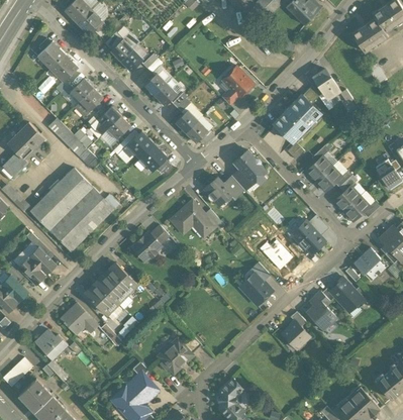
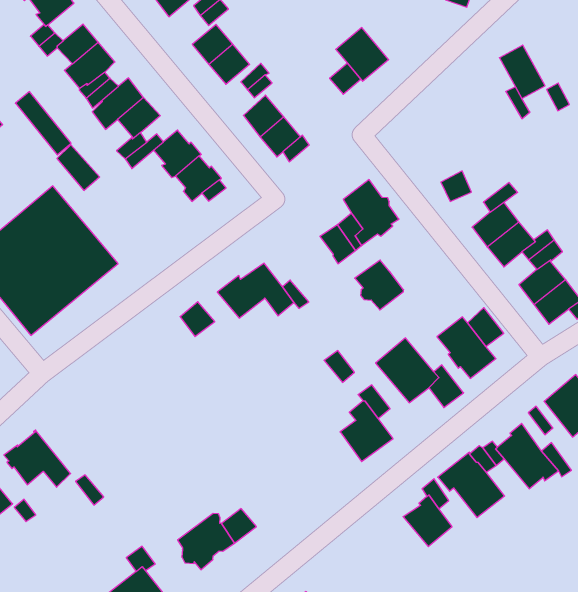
building: [272,94,320,142] -> none
building: [203,178,230,205] -> [355,260,404,310]
building: [131,232,161,260] -> none
building: [84,262,136,314] -> none

